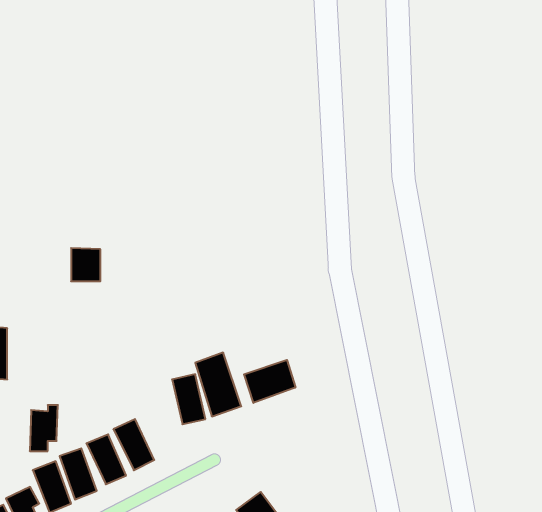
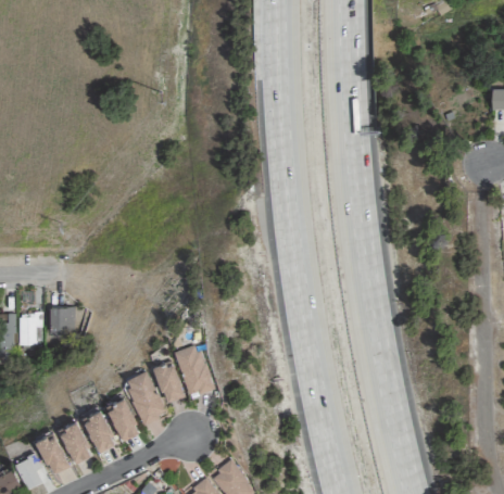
building: [71,248,100,281] -> [49,311,74,339]
building: [244,360,295,403] -> none
building: none -> [123,367,165,420]
building: [30,405,58,451] -> [18,317,42,356]

